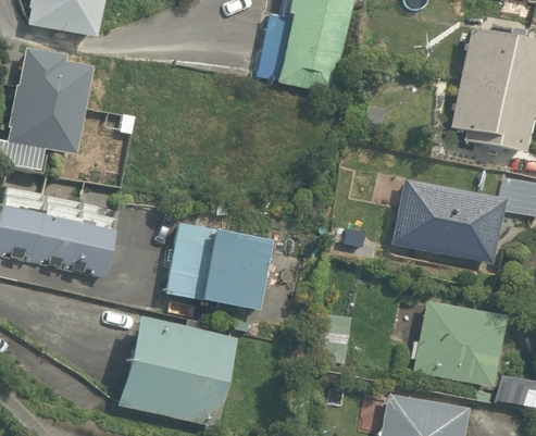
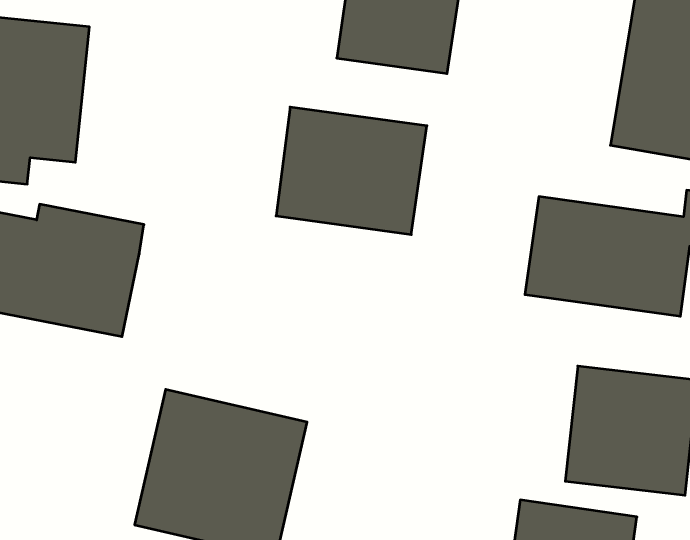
building: [167,220,273,309] -> [276,107,427,235]

